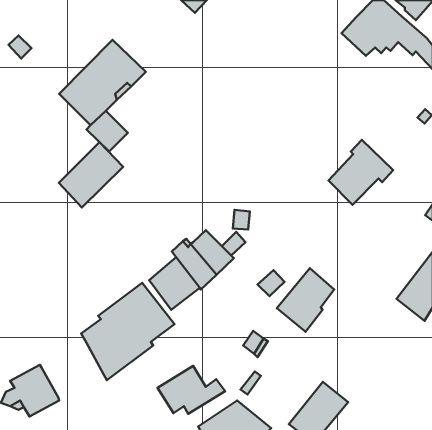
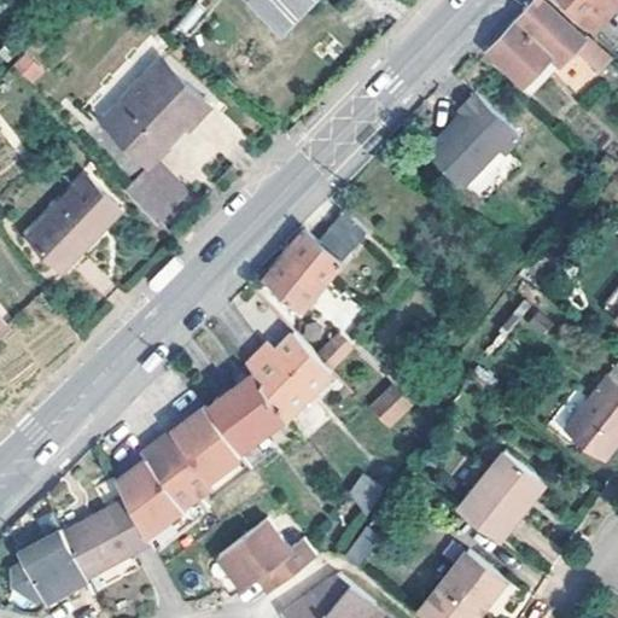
building: [329,140,393,205] -> [426,92,518,185]
building: [59,142,123,207] -> [27,175,118,268]
building: none -> [264,210,367,309]
building: [277,268,334,332] -> [461,456,543,547]
building: none -> [60,492,148,571]

